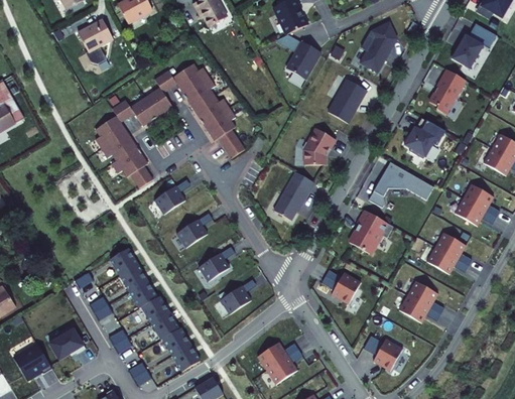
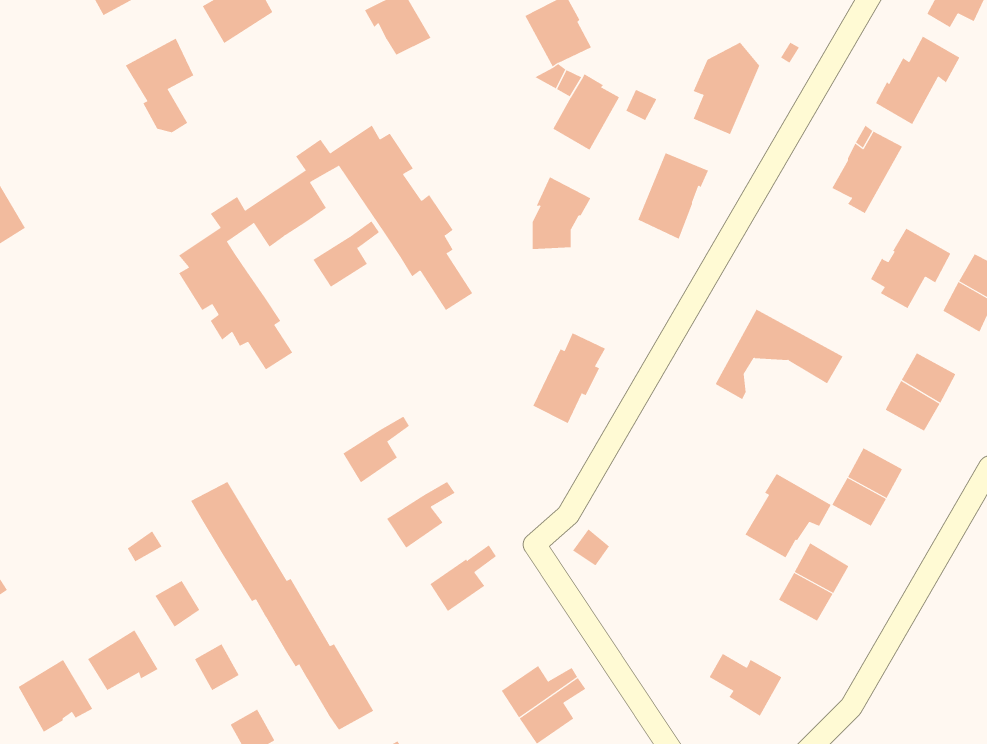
building: [404,114,445,155] -> [870,228,951,309]
building: [306,127,337,164] -> [532,176,591,250]
building: [158,179,192,214] -> [313,220,380,288]
building: [351,208,395,251] -> [744,473,831,558]
building: [320,270,359,302] -> none

